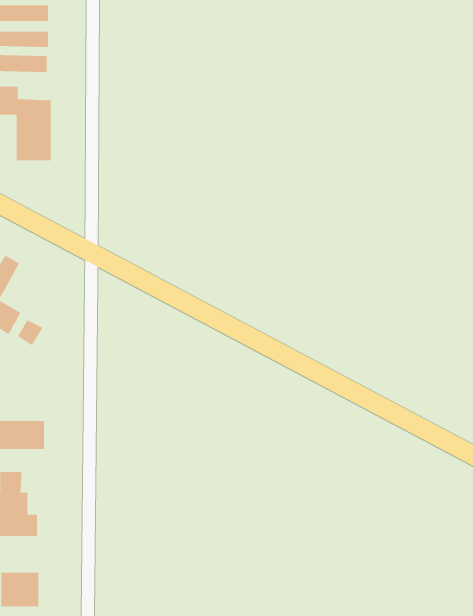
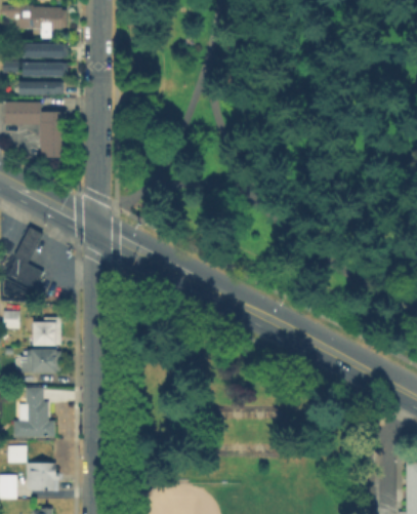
building: none -> [34,320,62,345]

